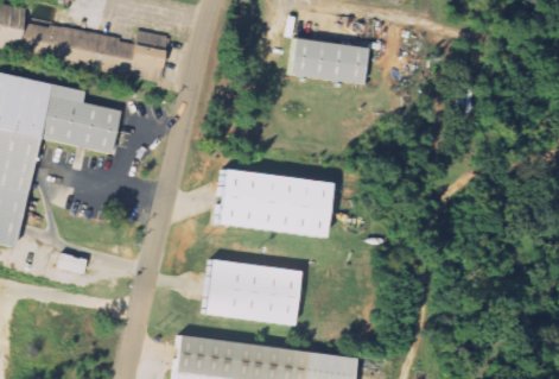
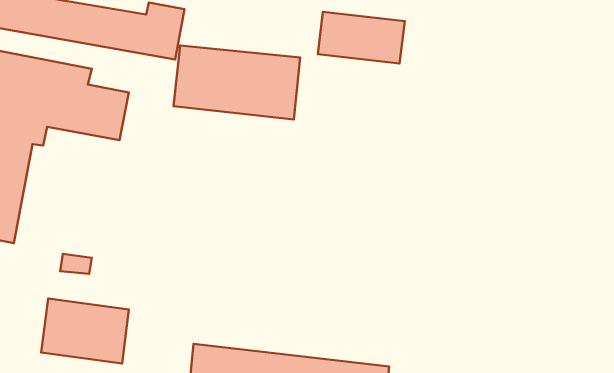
building: [216,169,330,235] -> [174,45,300,120]
building: [205,259,300,323] -> none
building: none -> [41,298,129,364]

